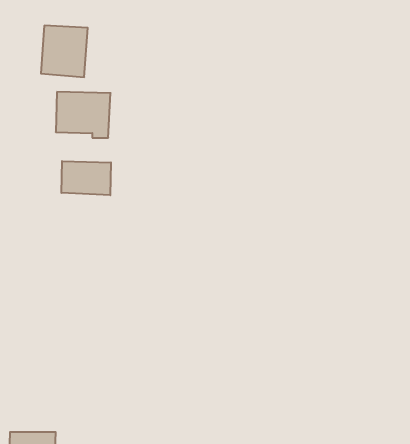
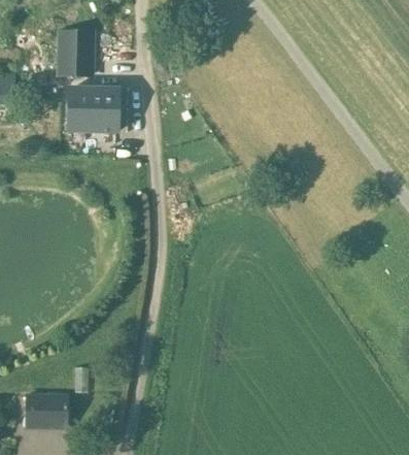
building: [61,161,111,195] -> none

